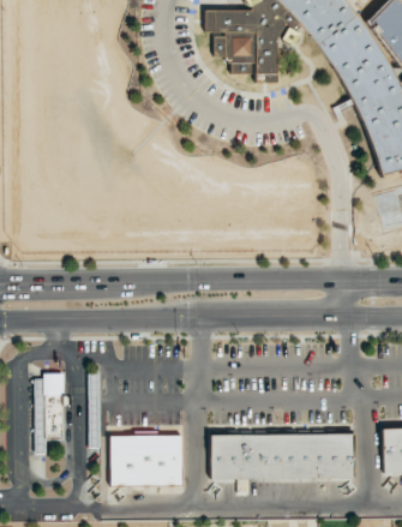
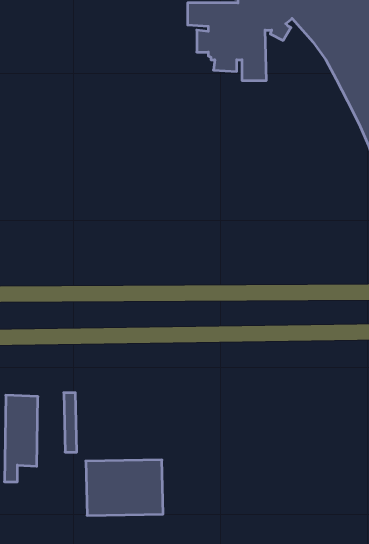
building: [210,433,354,480] -> none

